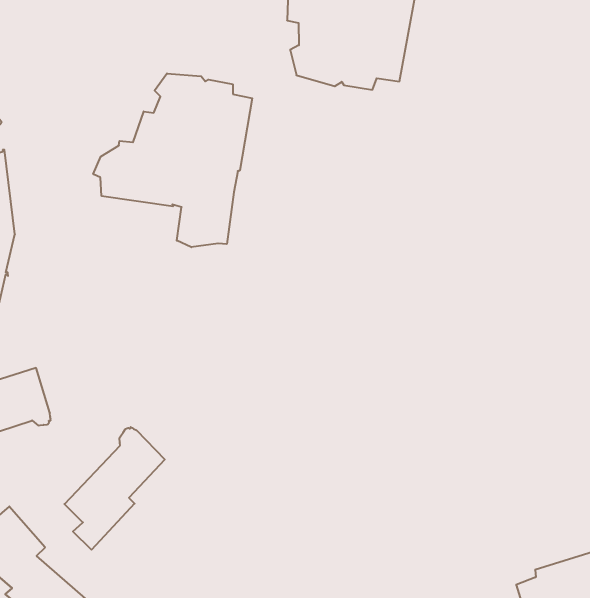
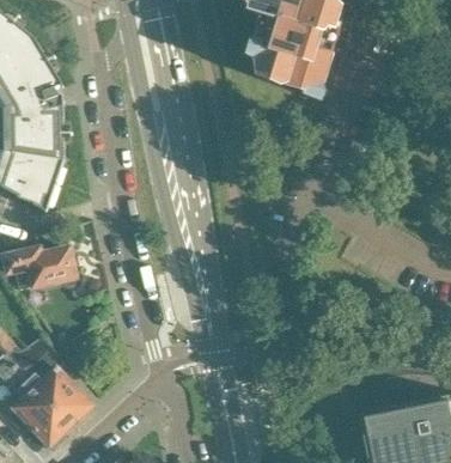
building: [93,73,252,247] -> none
building: [64,427,165,550] -> none

